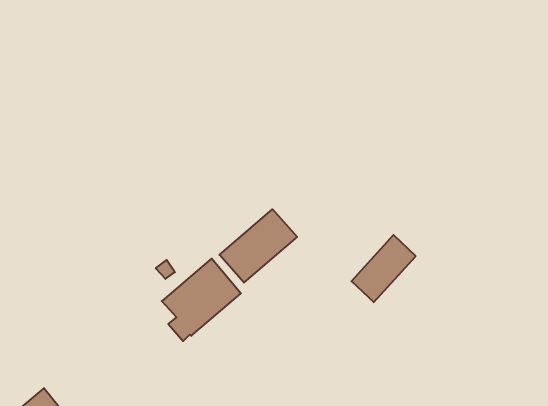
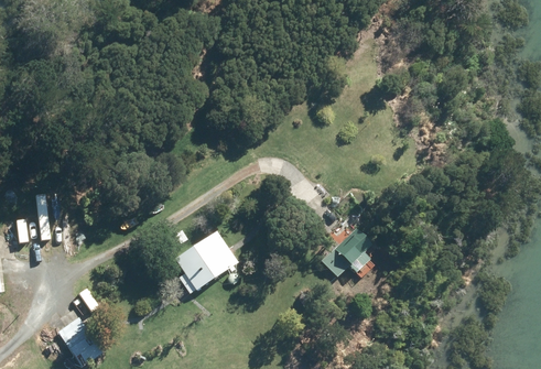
building: [219,209,297,283] -> none

